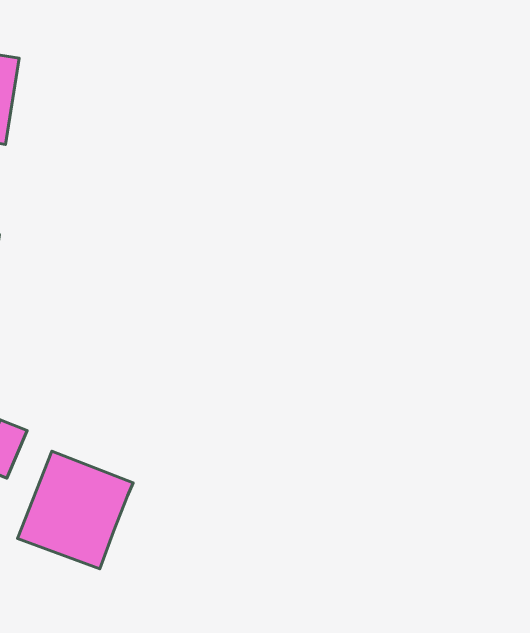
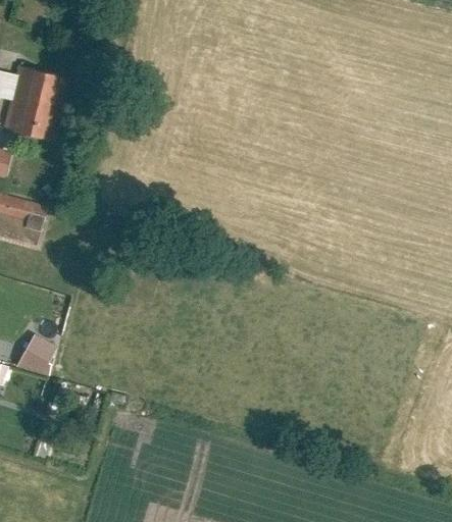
building: [17,451,133,569] -> none

